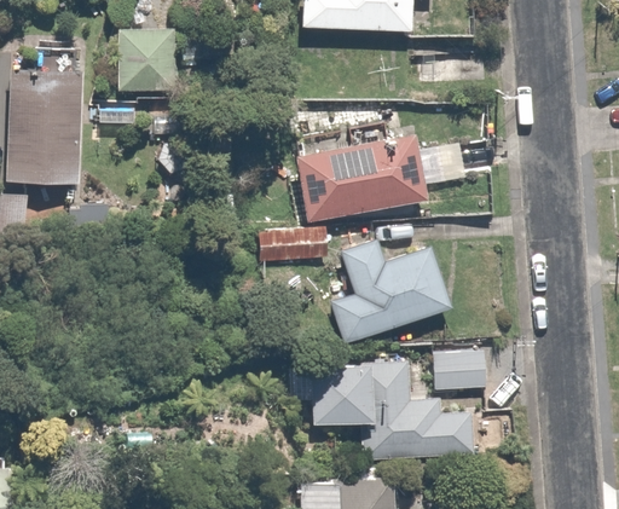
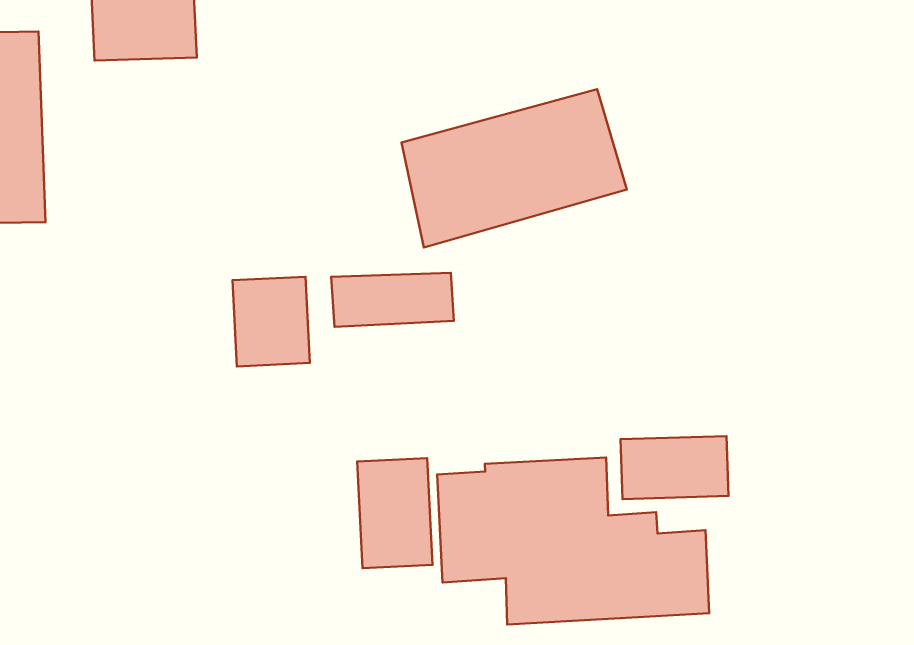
building: none -> [233,277,310,366]
building: [307,239,464,352] -> none
building: none -> [357,458,432,568]

